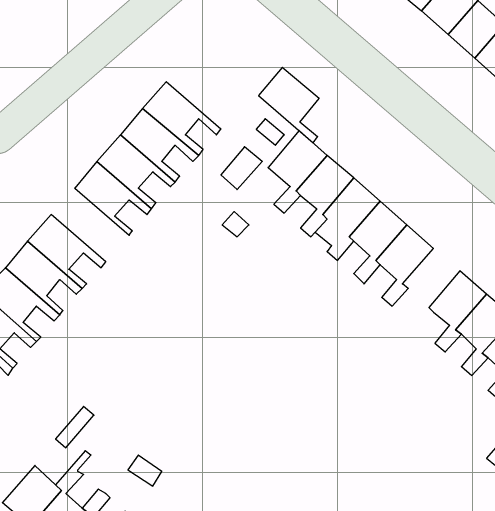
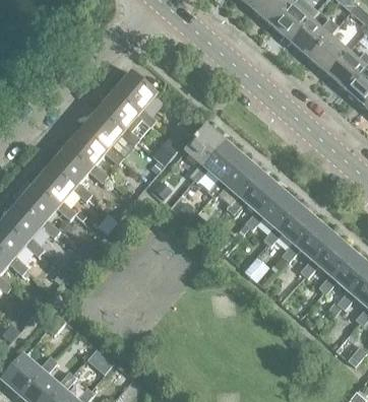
building: [259,67,319,143] -> [115,71,157,123]
building: none -> [36,163,89,214]
building: none -> [278,205,317,261]

